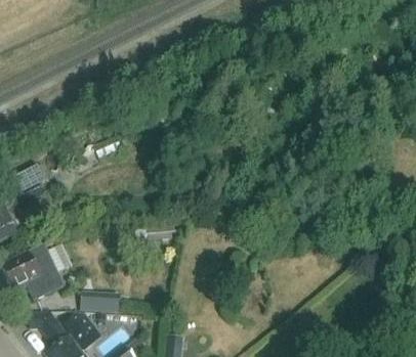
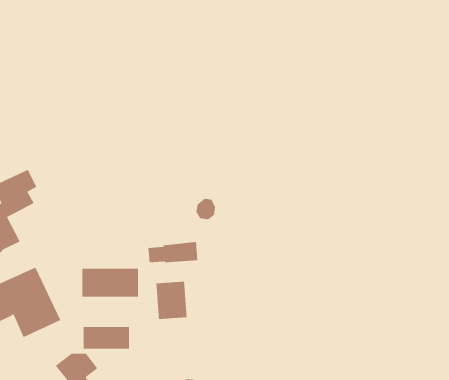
building: none -> [82,268,139,297]
building: none -> [156,281,187,320]

